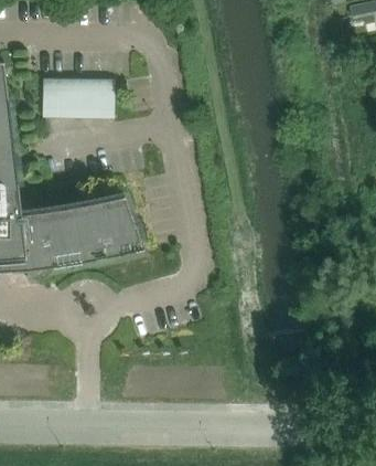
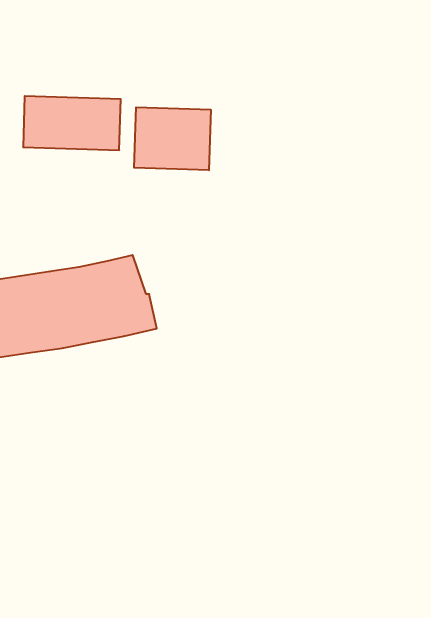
building: none -> [134,107,211,170]

